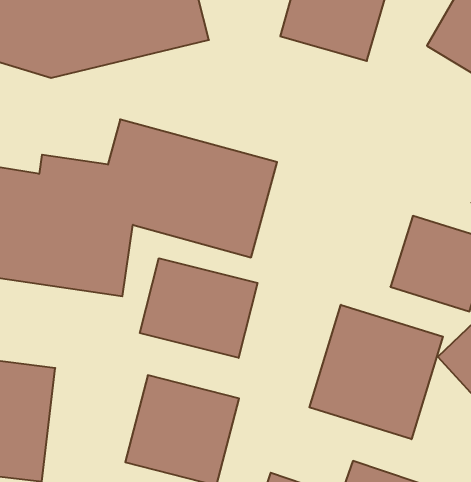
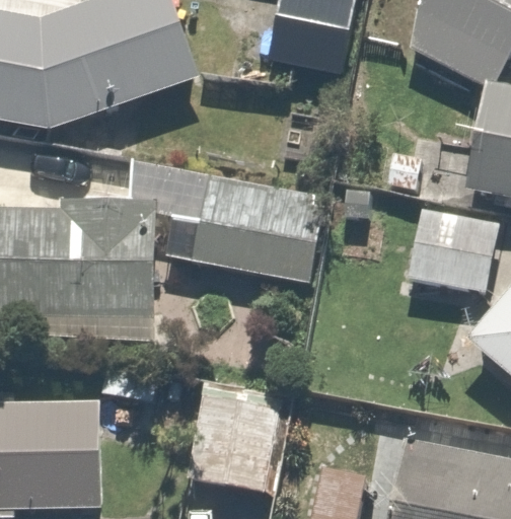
building: [140,258,258,358] -> none
building: [309,305,443,439] -> none

